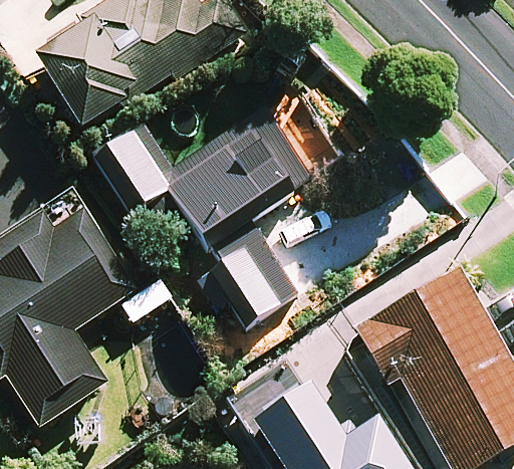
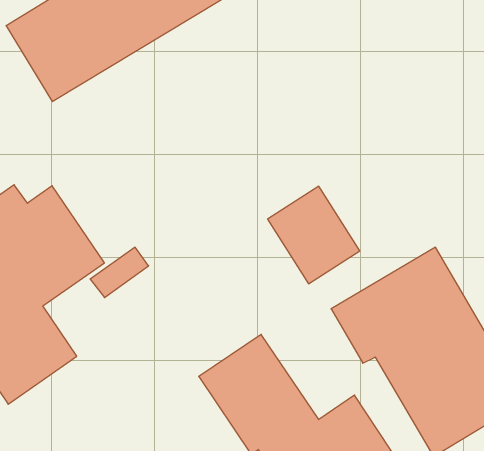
building: [99,112,313,247] -> none
building: [206,224,296,319] -> [268,186,360,284]

